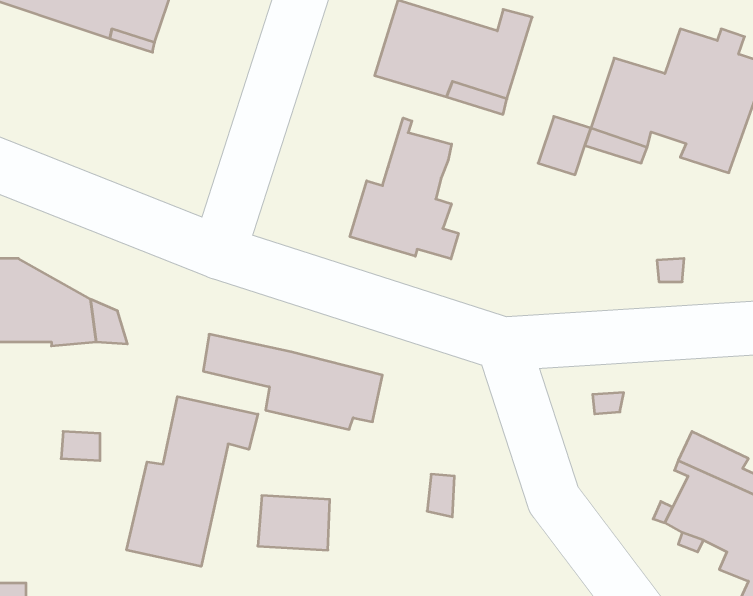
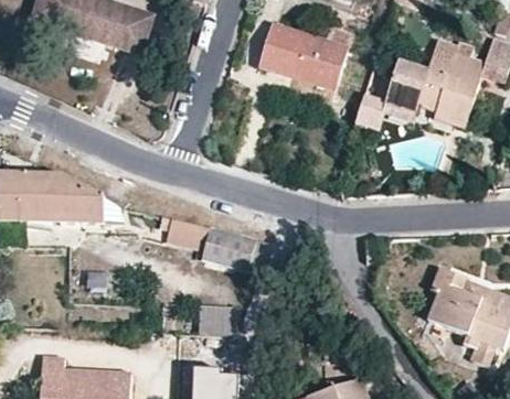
building: [350,118,458,259] -> none
building: [127,397,258,566] -> none

